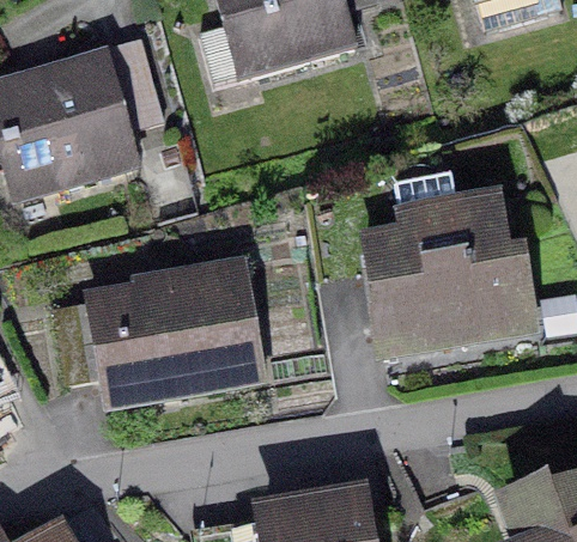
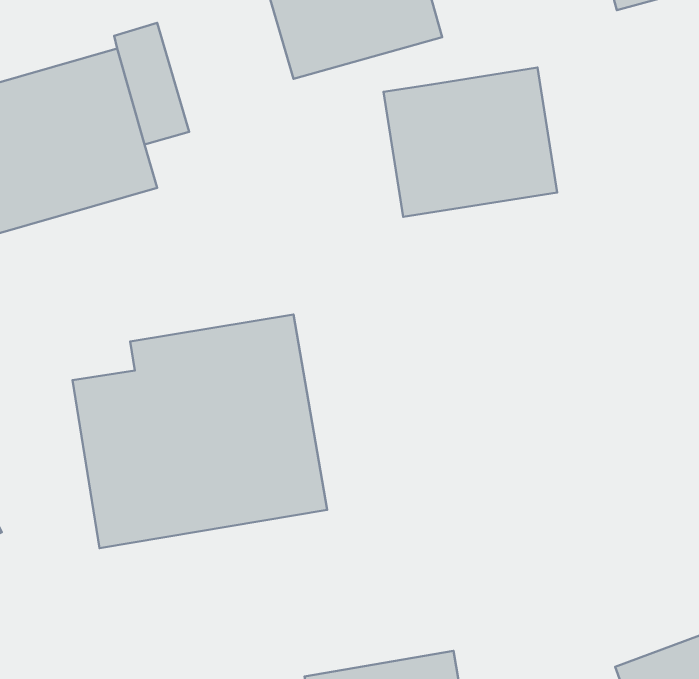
building: none -> [383,68,557,217]
building: [364,193,537,357] -> none

